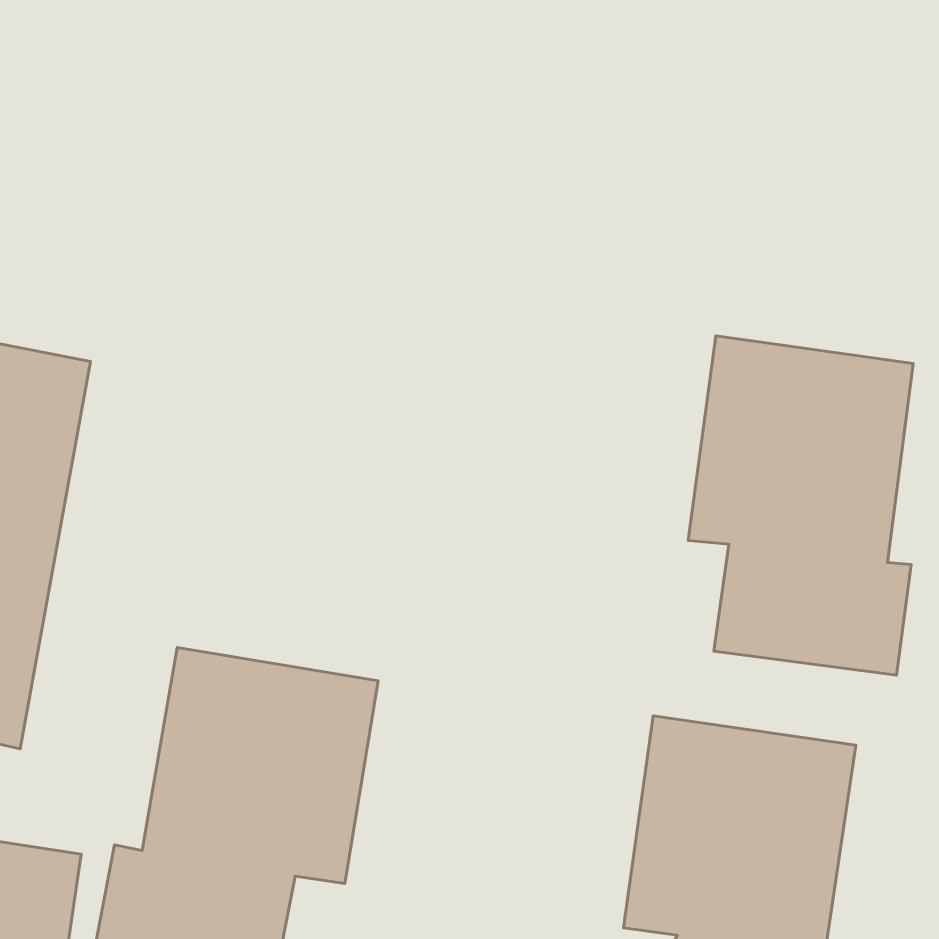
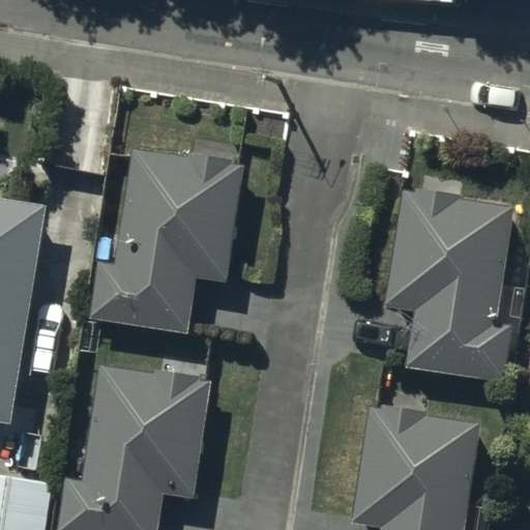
building: none -> [90,142,245,333]

